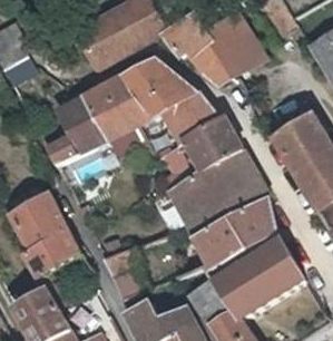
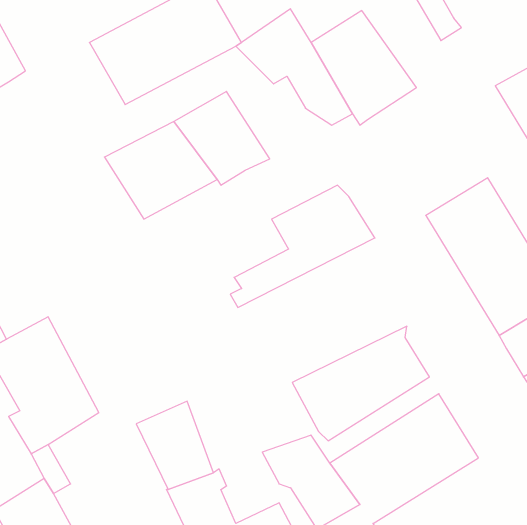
building: [149,91,218,150] -> none
building: [55,98,104,149] -> none
building: [159,146,262,232] -> none

